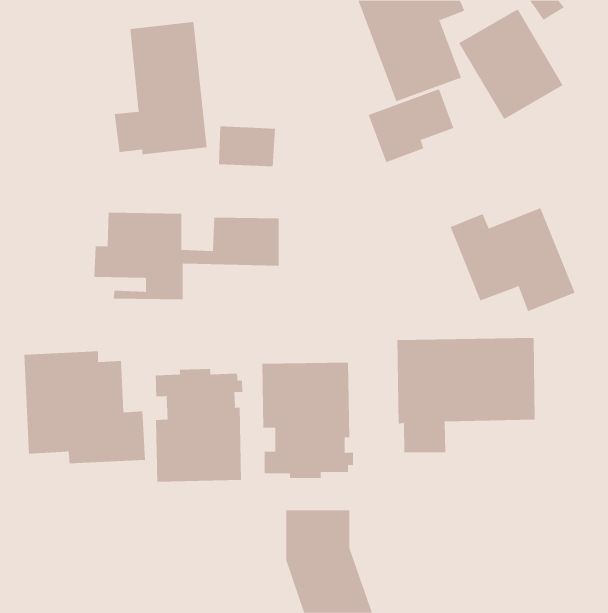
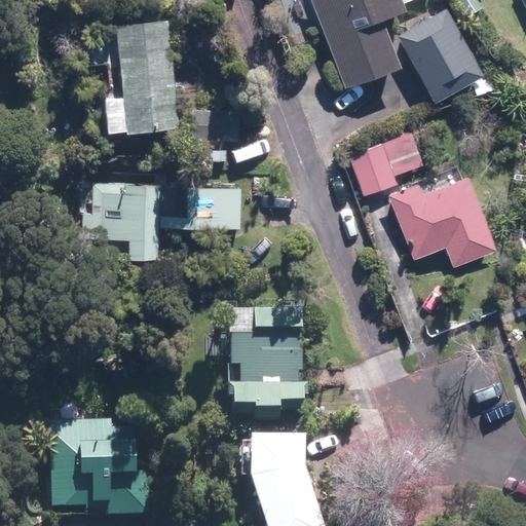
building: [368,88,454,163] -> [350,132,424,195]
building: [397,337,535,453] -> none
building: [23,351,146,464] -> [48,420,153,517]
building: [155,368,243,483] -> none

